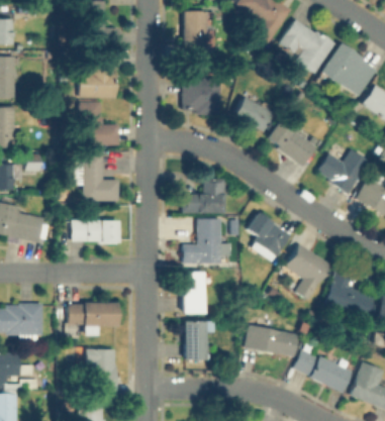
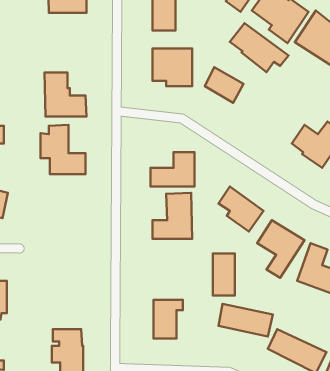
building: [79,50,116,98] -> none
building: [266,119,322,167] -> [230,23,289,72]
building: [73,219,119,243] -> none
building: [182,272,203,312] -> [213,254,235,295]
building: [69,302,116,335] -> none

